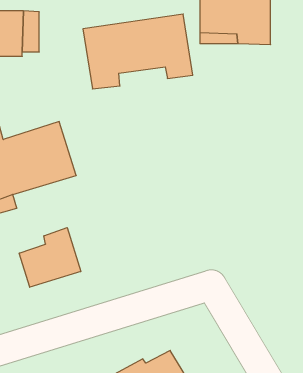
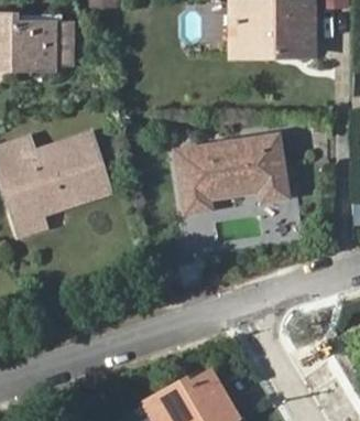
building: [83,14,193,89] -> [176,133,291,212]
building: [19,228,81,287] -> none

